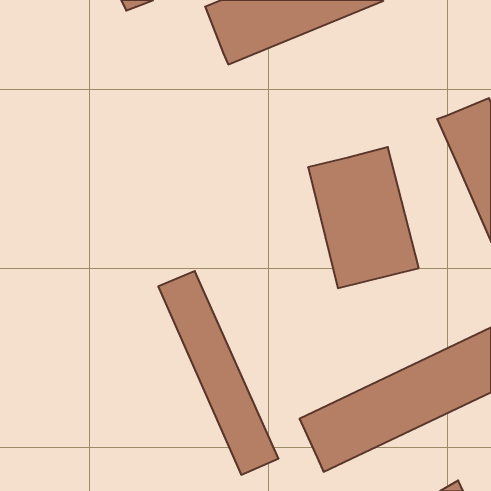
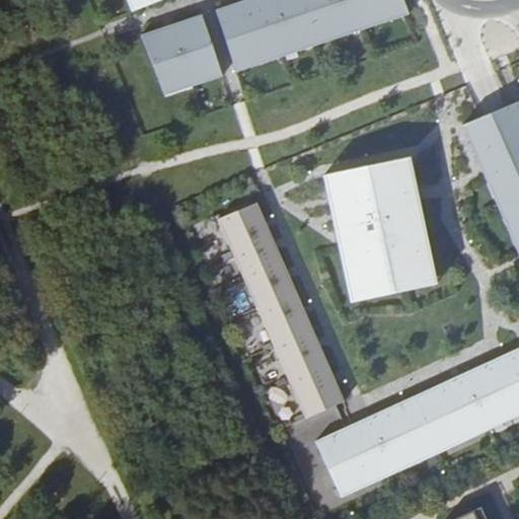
building: none -> [143,13,226,97]
building: [158,271,279,475] -> [219,205,346,420]

